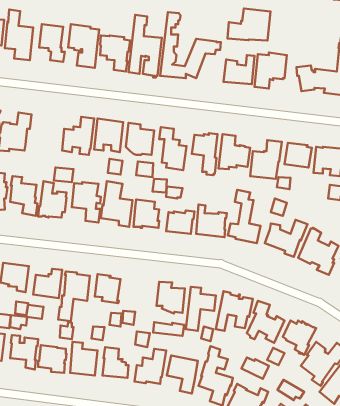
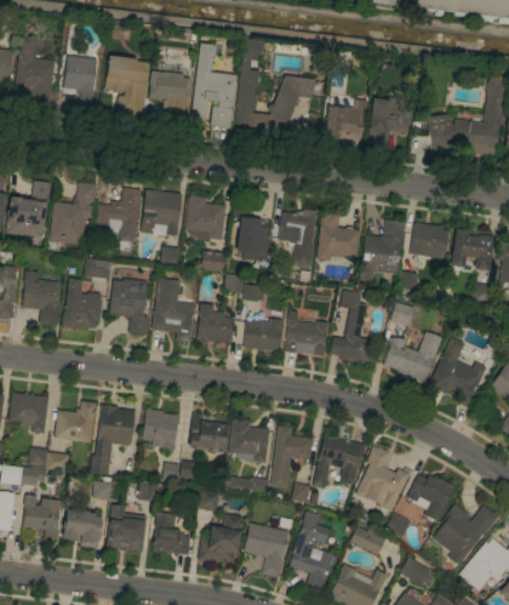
building: [227,9,271,40] -> none
building: none -> [48,182,98,253]
building: none -> [188,415,228,452]

